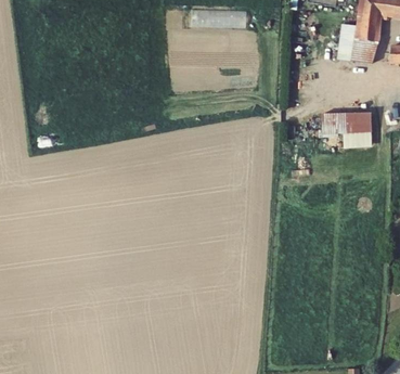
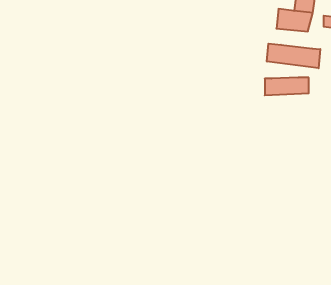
building: none -> [267,44,320,68]

